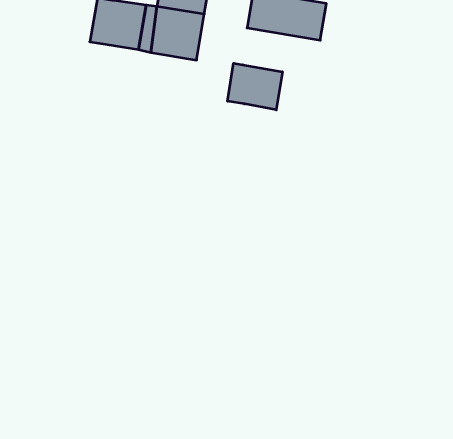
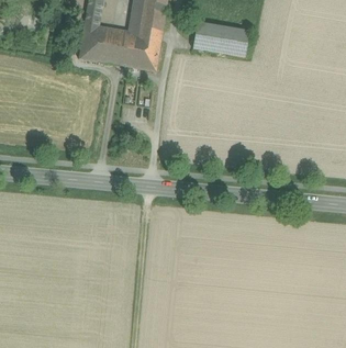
building: [228,63,282,110] -> none

